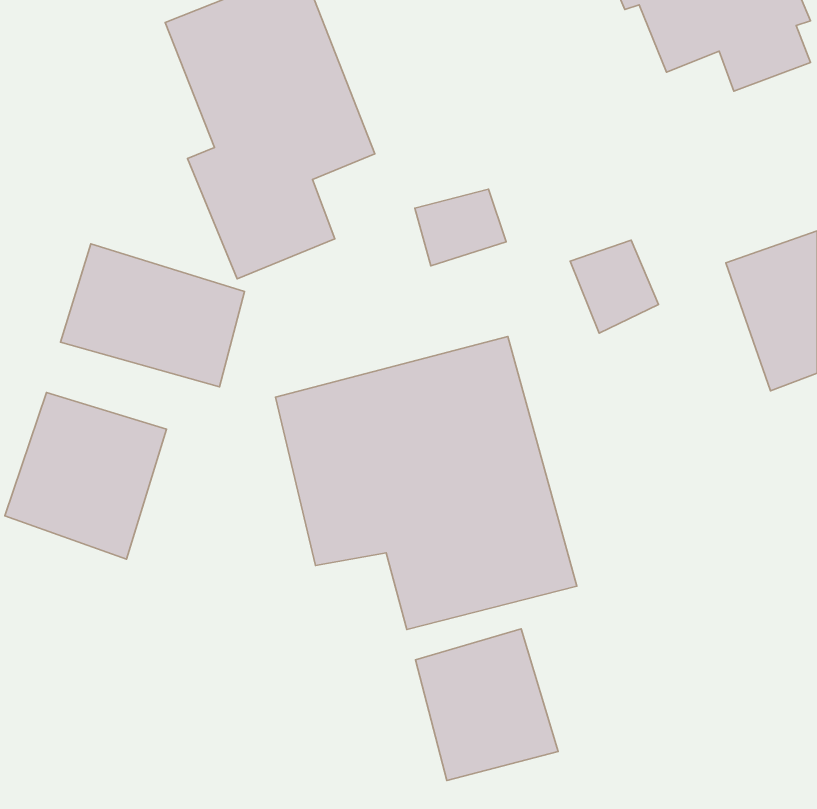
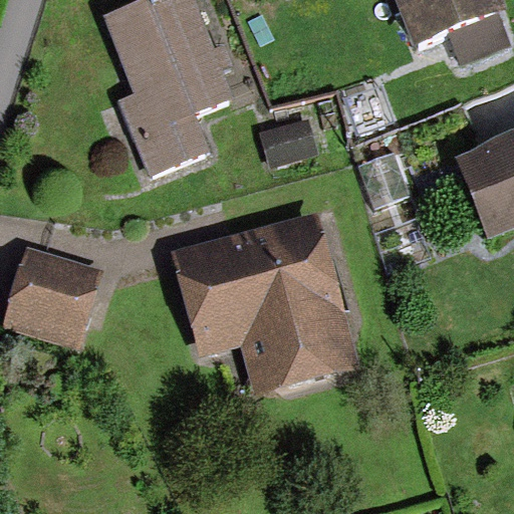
building: [60,244,245,387] -> none
building: [415,629,558,781] -> none

